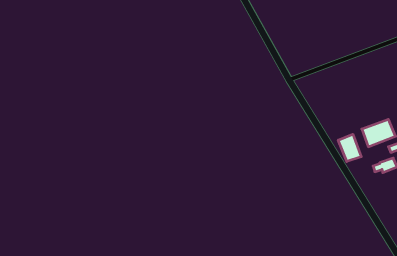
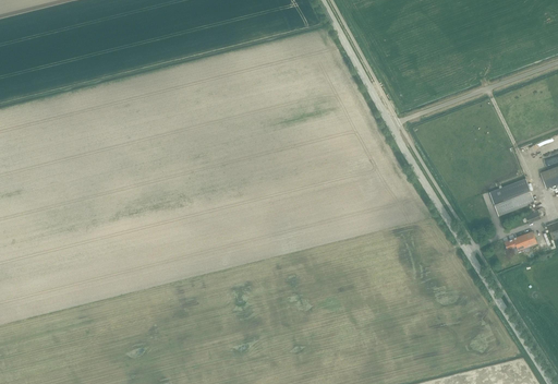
building: [338,134,361,162] -> none

